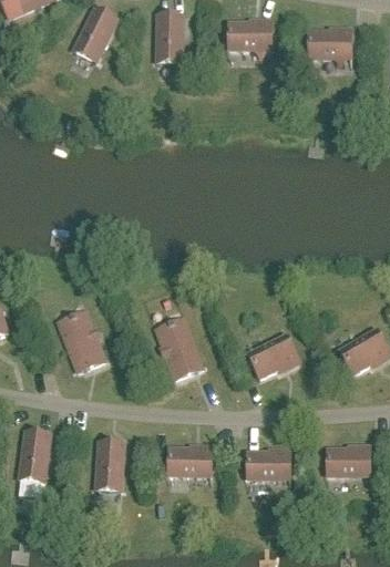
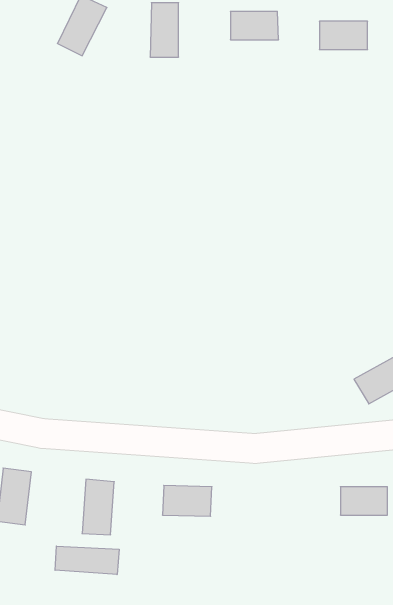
building: [58,310,104,370] -> none
building: [155,317,203,378] -> none
building: [248,336,298,378] -> none
building: [247,451,289,476] -> none
building: none -> [55,546,119,575]

